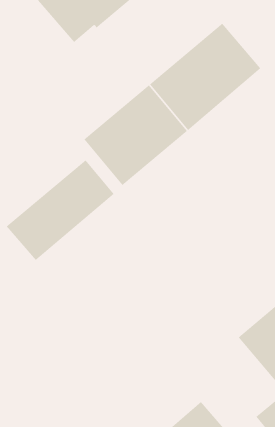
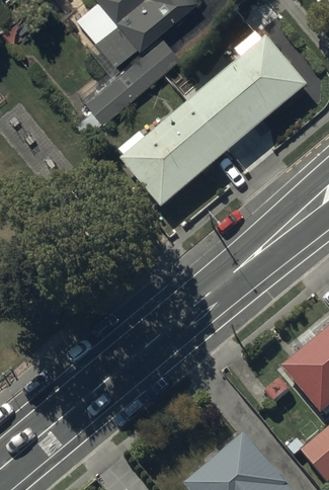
building: none -> [81,30,176,115]
building: [6,159,115,261] -> none

